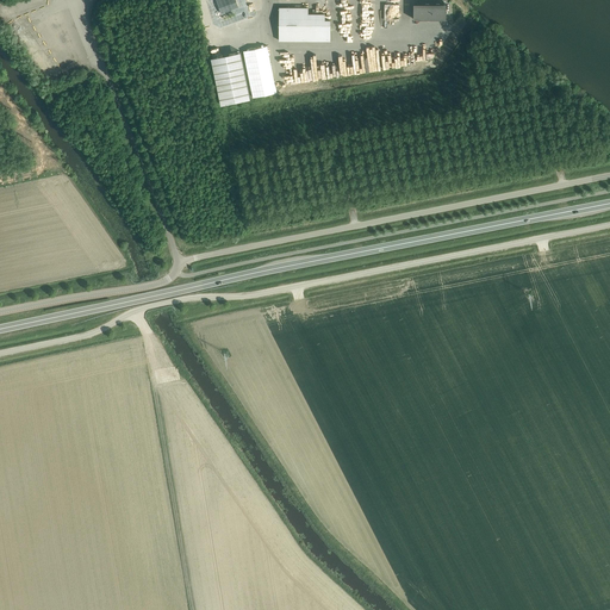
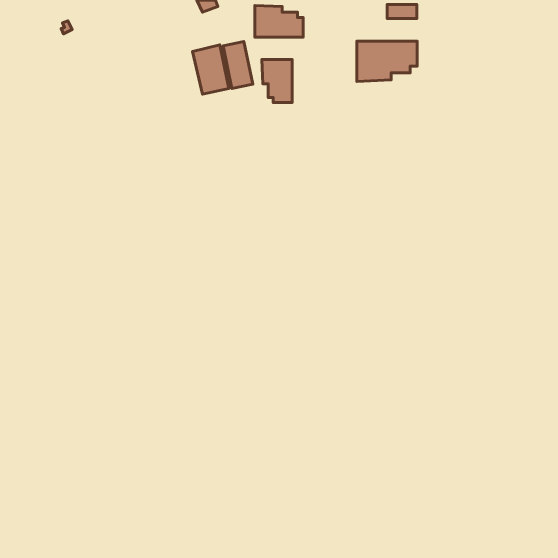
building: none -> [357,41,417,81]
building: none -> [262,59,292,102]

